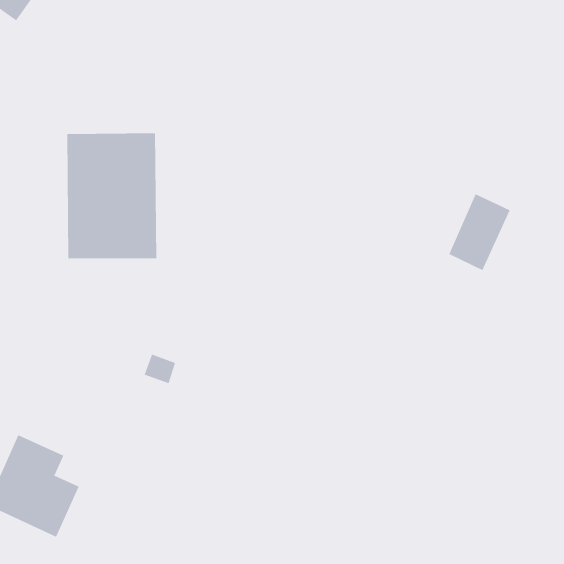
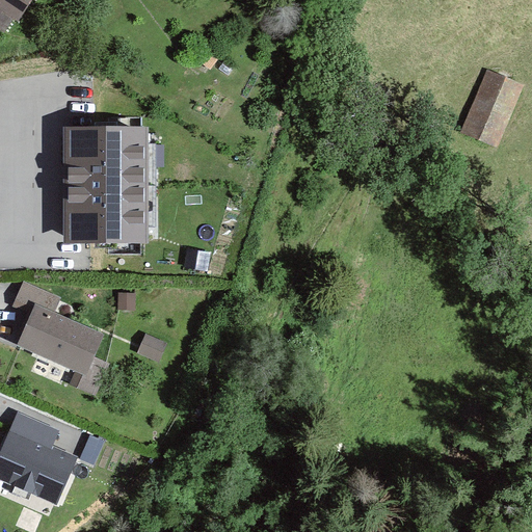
building: [448,193,510,271] -> [463,71,522,143]
building: none -> [11,280,107,394]

